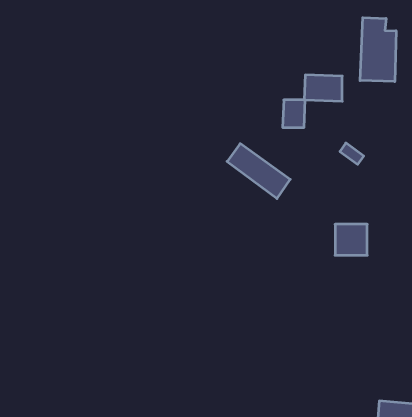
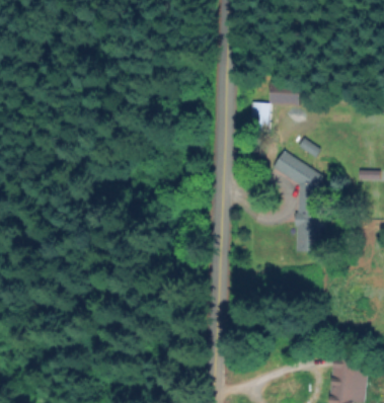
building: [360,18,396,82] -> none
building: [227,144,290,199] -> [273,151,326,197]

